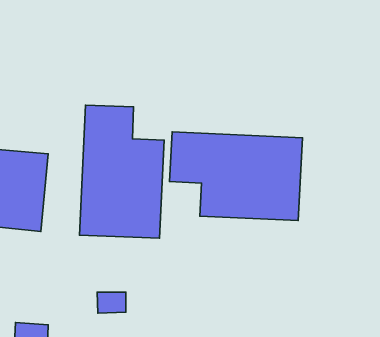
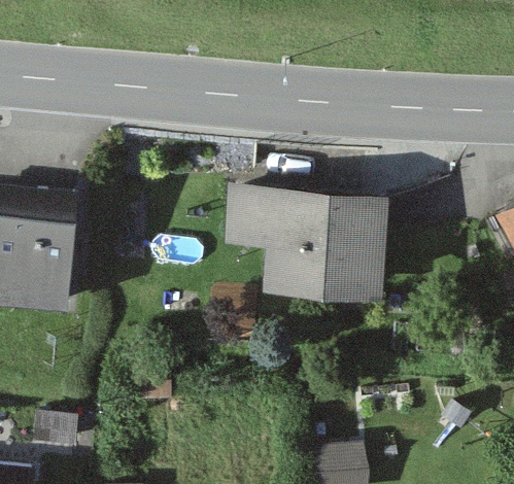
building: [80,105,164,238] -> none

